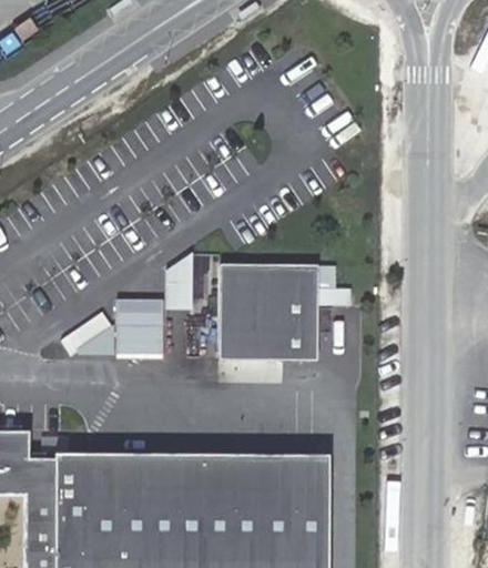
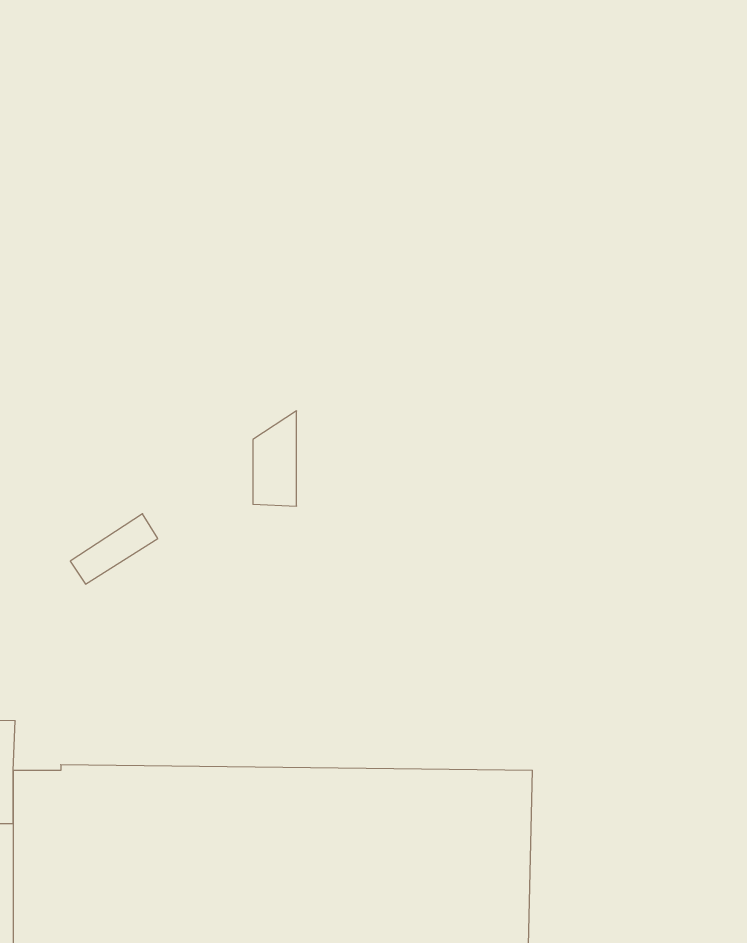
building: [222,267,318,357] -> none
building: [116,300,157,349] -> none

